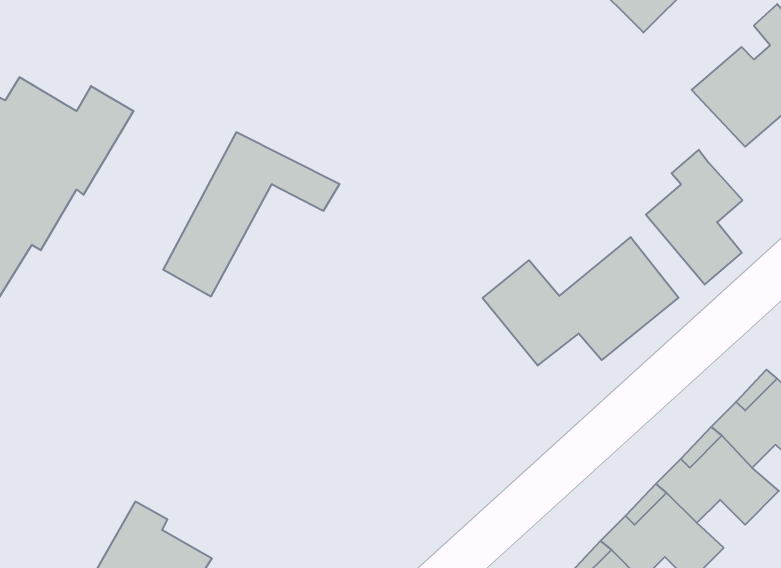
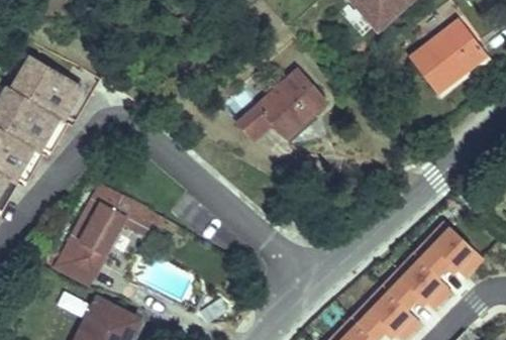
building: [163,132,340,296] -> [63,190,163,282]
building: [646,150,742,285] -> none
building: [483,237,679,366] -> [217,67,328,139]

